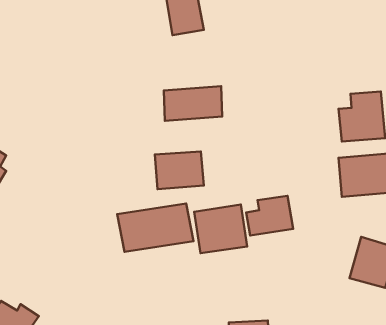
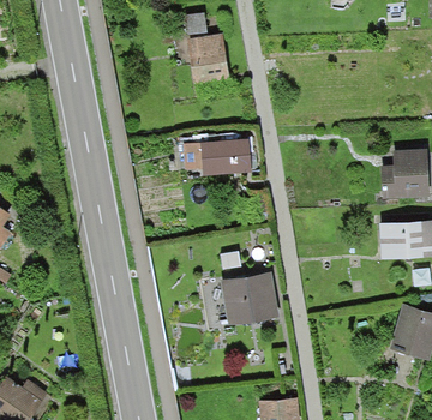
building: [155,152,204,189] -> none
building: [246,196,293,236] -> none
building: [117,204,194,252] -> none

